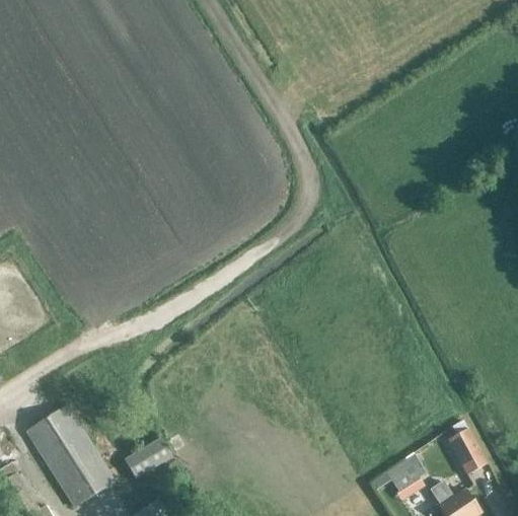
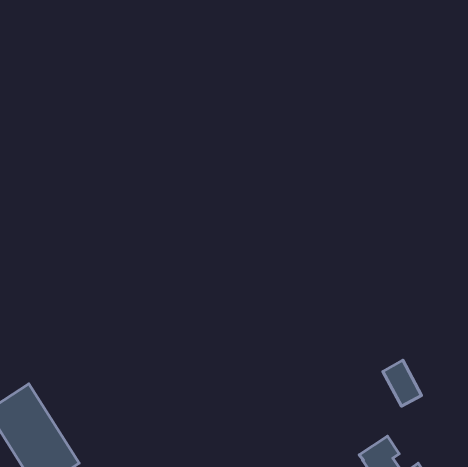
building: [449,429,487,473] -> [383,360,422,406]
building: [124,438,172,478] -> none

